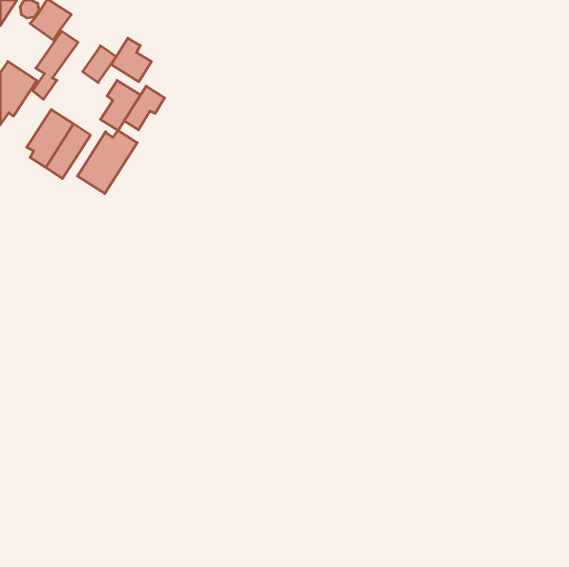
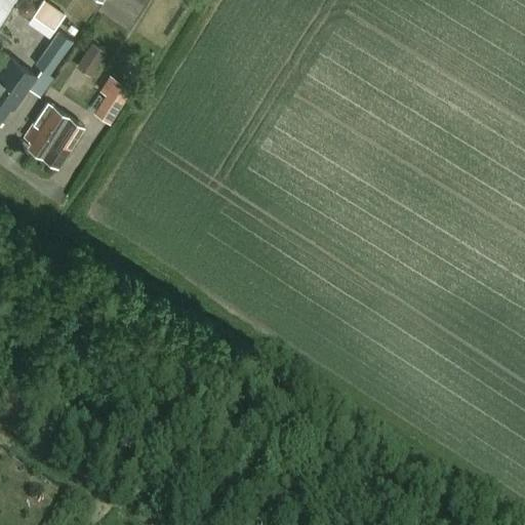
building: [111,38,151,82] -> none
building: [124,86,165,130] -> none
building: [77,131,137,194] -> none

